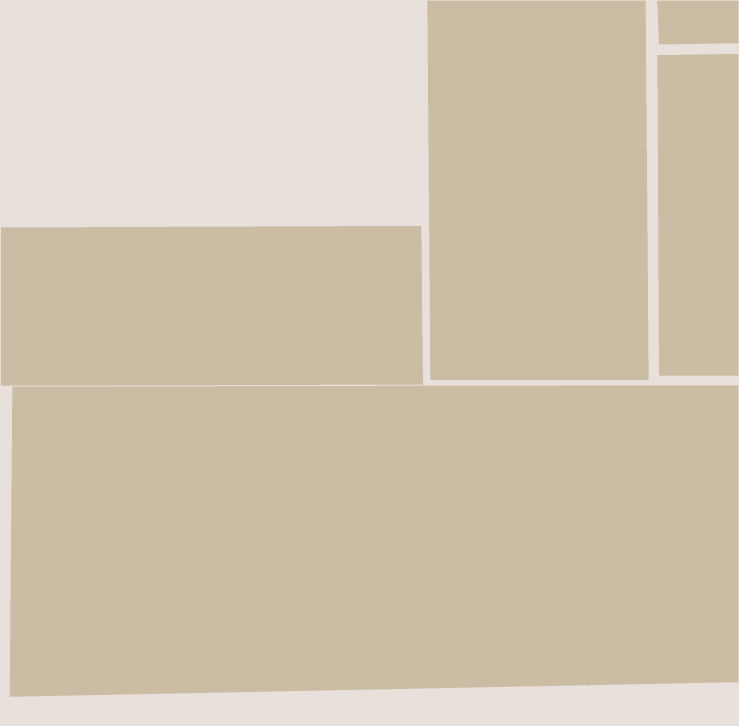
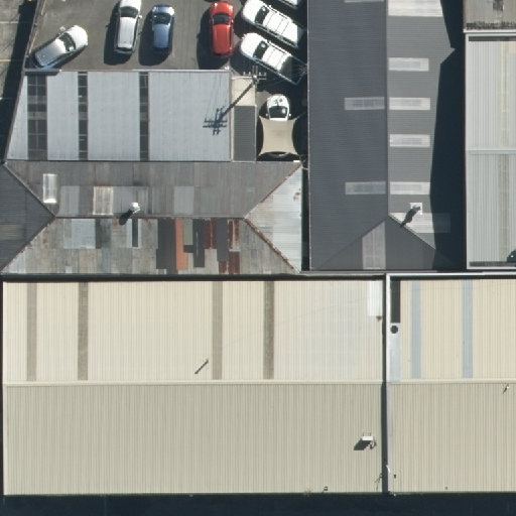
building: none -> [30,75,232,162]

